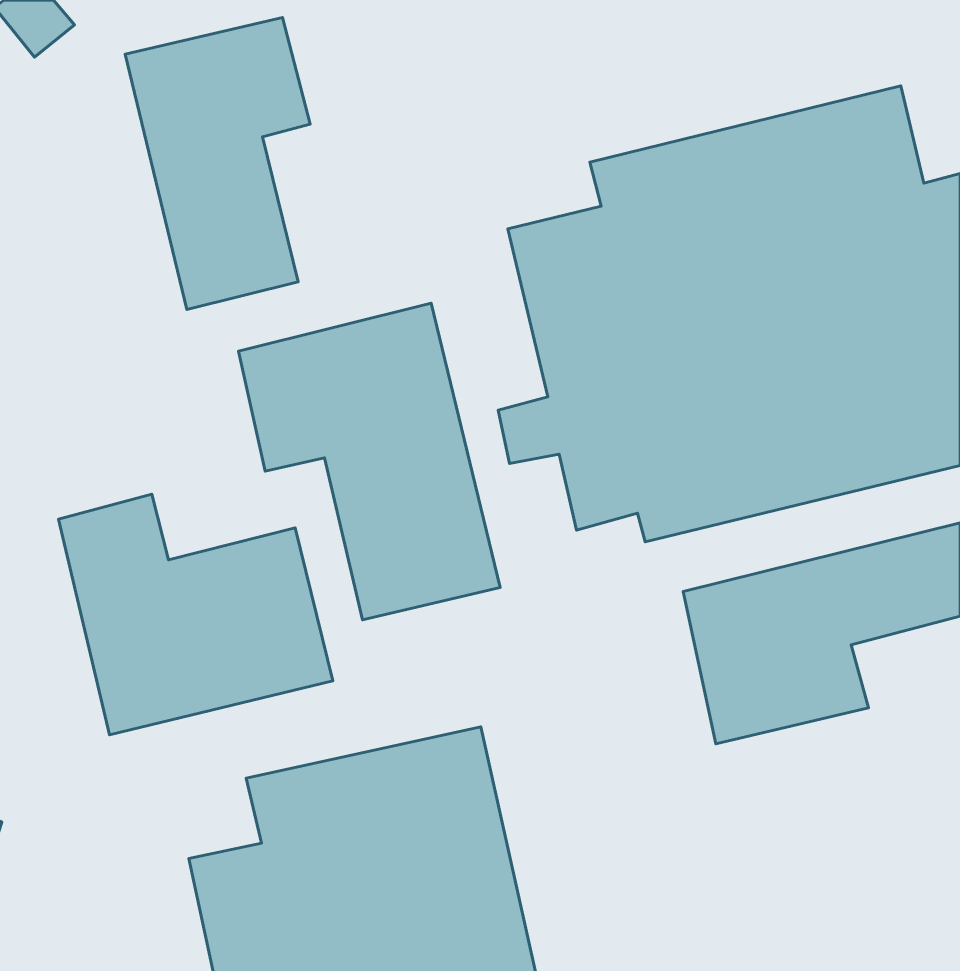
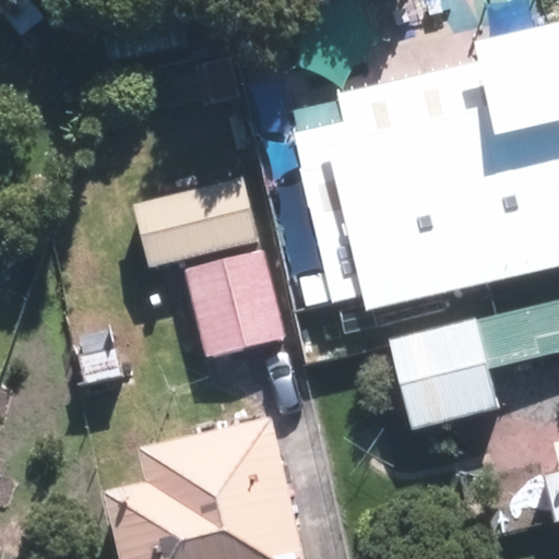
building: [125,17,310,309] -> none
building: [58,494,333,735] -> none

